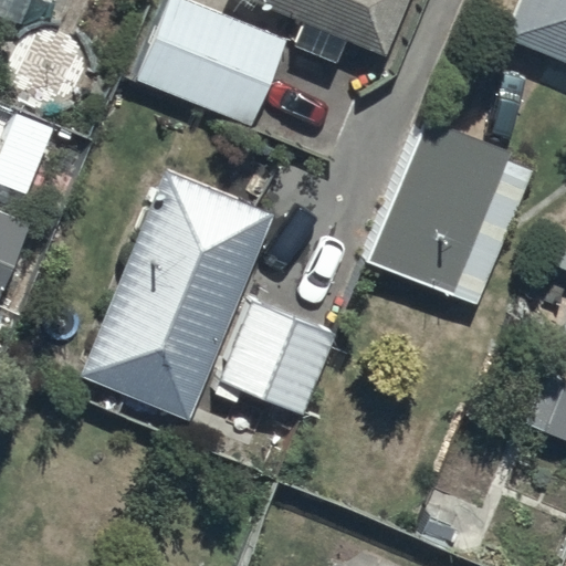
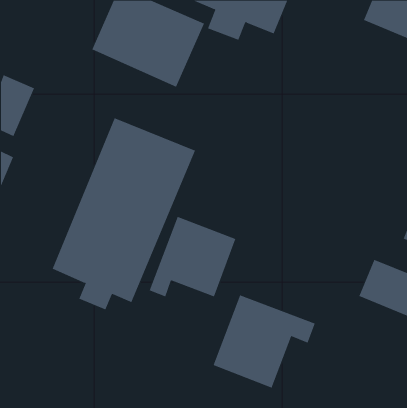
building: [366,115,534,306] -> none
building: none -> [213,294,315,388]

